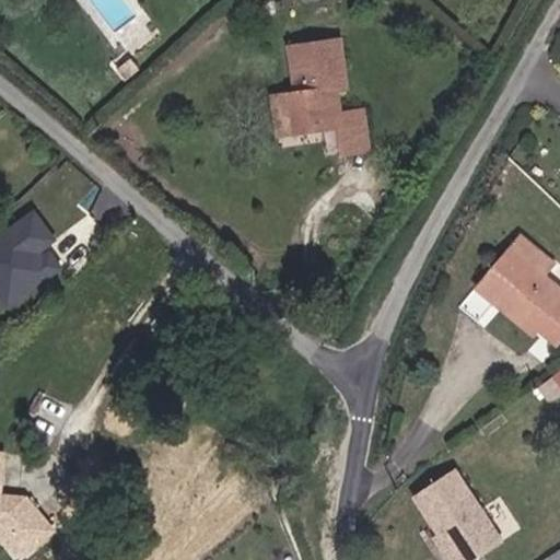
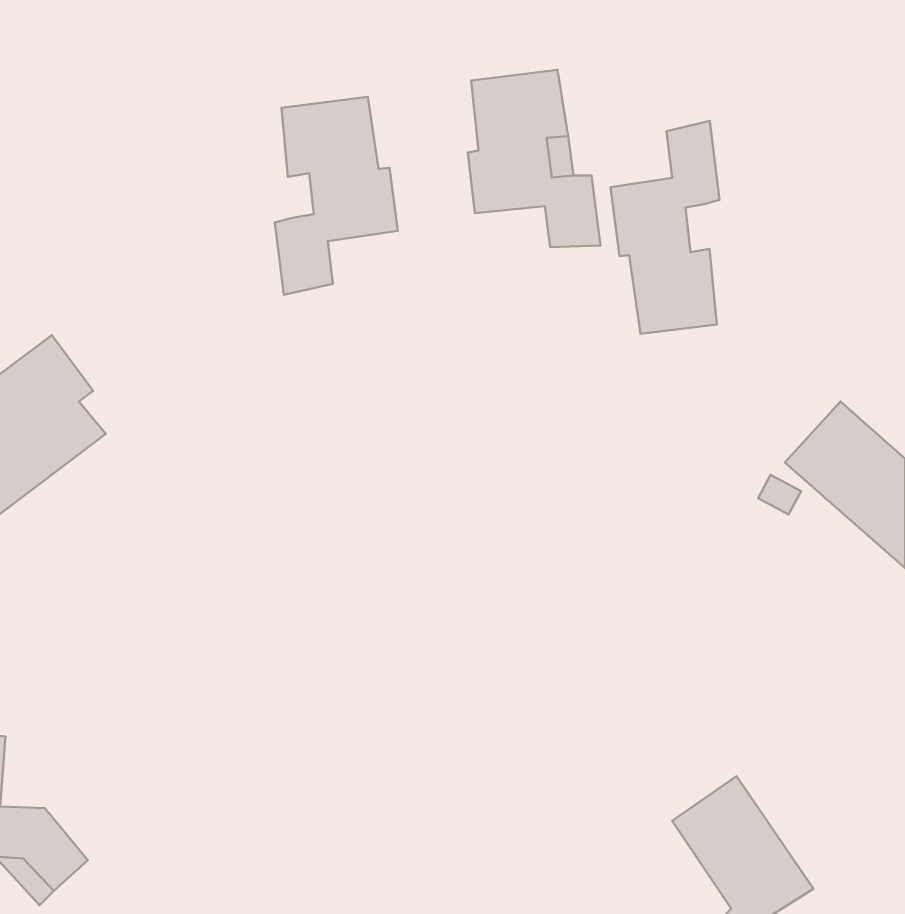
building: none -> [275,97,398,295]
building: none -> [611,121,720,334]

